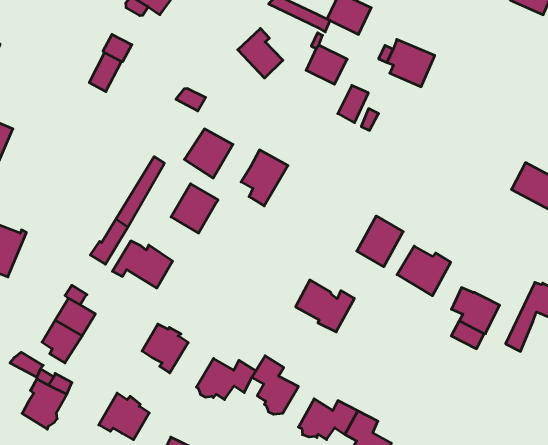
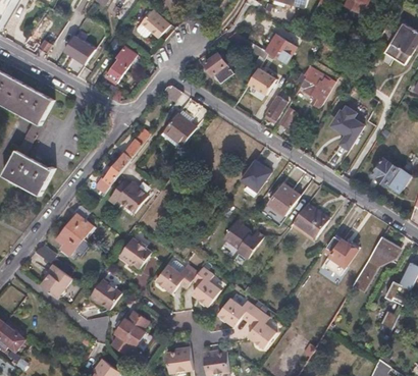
building: none -> [65,34,97,64]
building: none -> [333,105,364,149]
building: [241,150,288,206] -> [240,160,271,197]
building: [171,184,218,233] -> none

